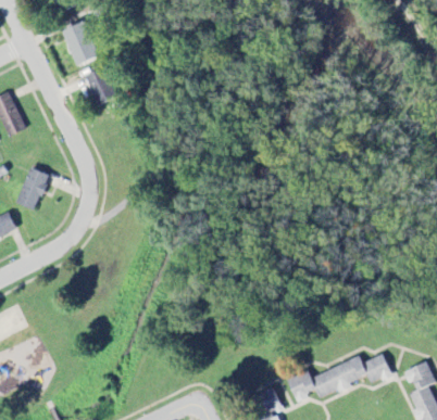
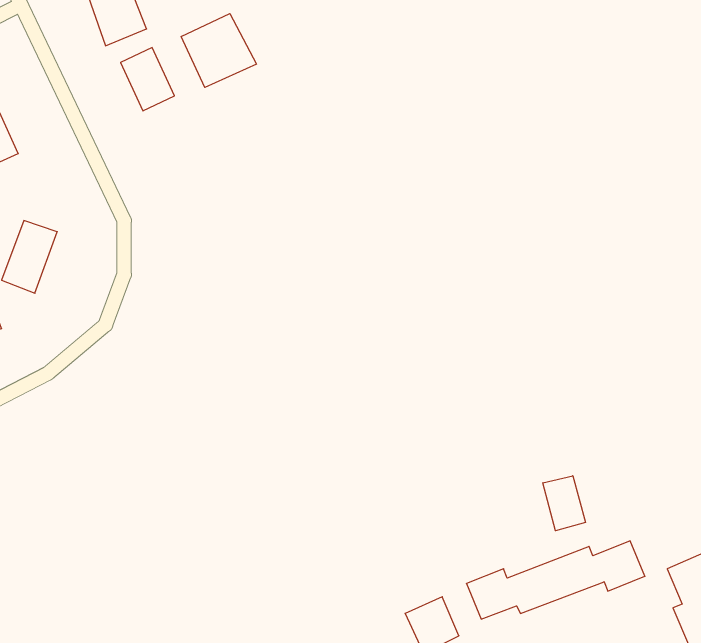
building: none -> [181,14,256,87]
building: none -> [543,476,585,531]

